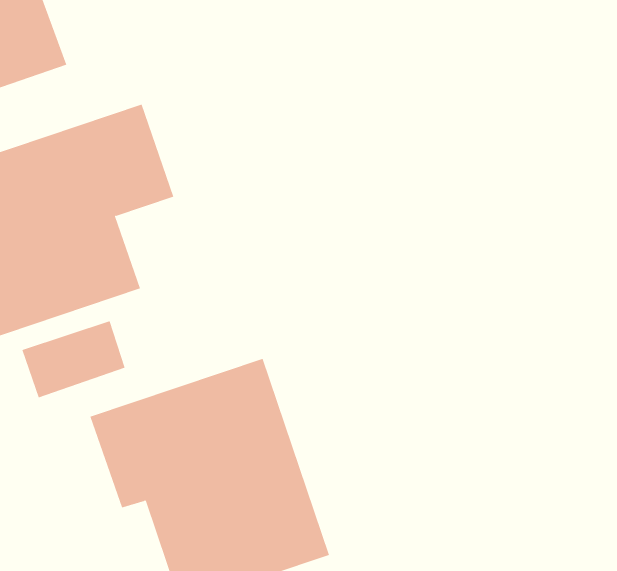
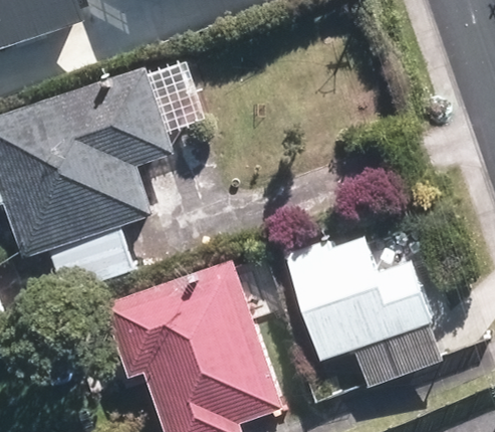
building: none -> [291,235,442,388]

